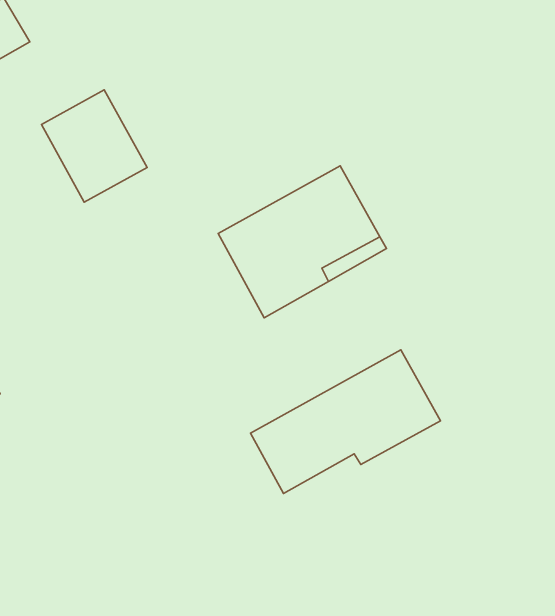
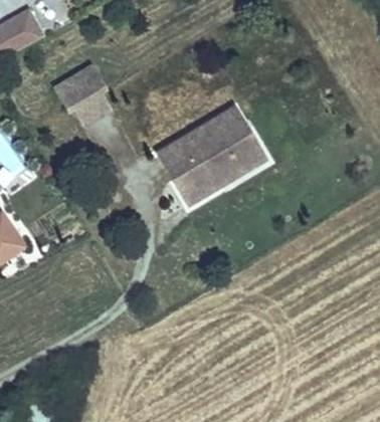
building: [250,350,441,494] -> none

